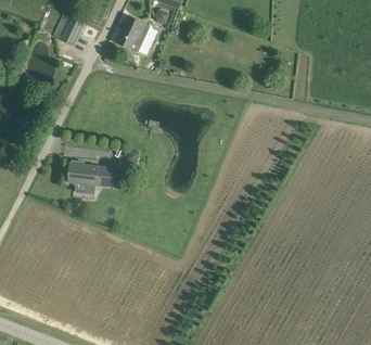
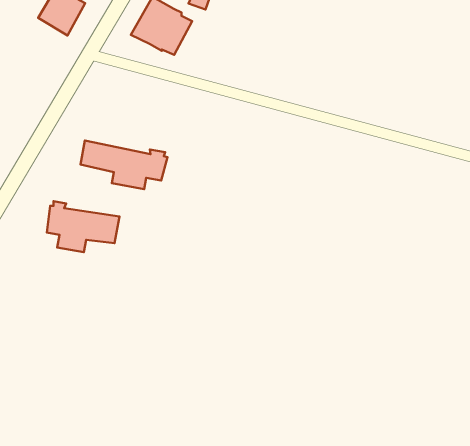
building: none -> [80,140,167,189]

